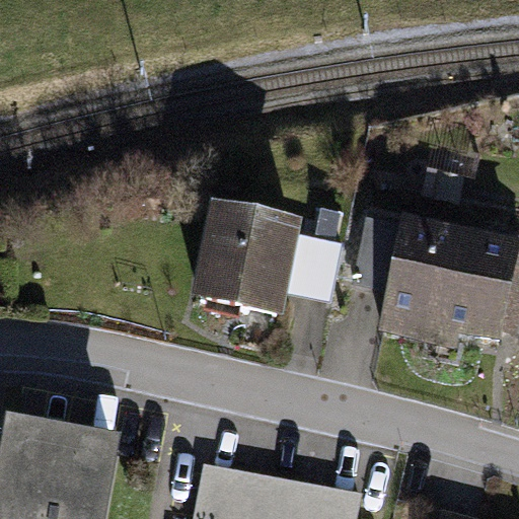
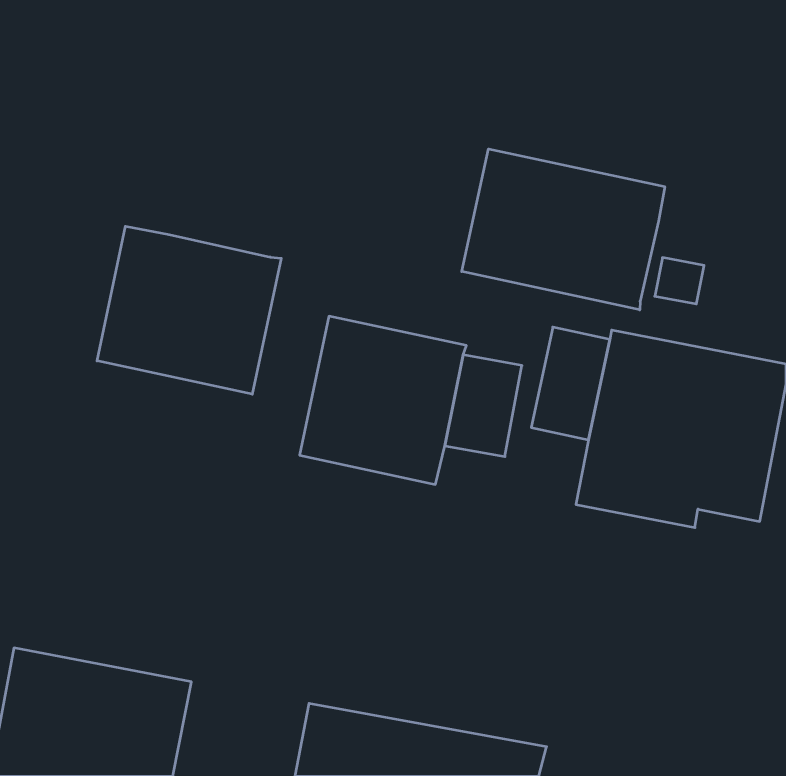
building: none -> [462,149,665,310]
building: none -> [97,226,281,394]

